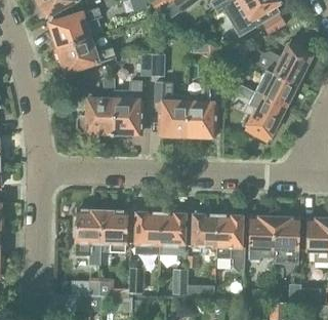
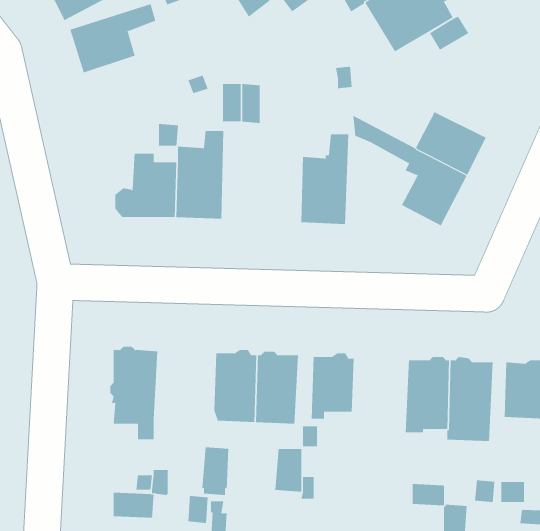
building: [58,37,116,73] -> none
building: [244,42,313,85] -> none
building: [154,82,188,135] -> none
building: [100,209,128,252] -> none
building: [216,213,245,272] -> none

